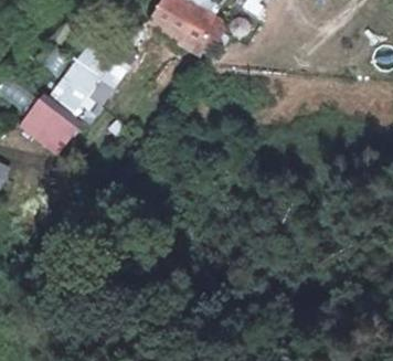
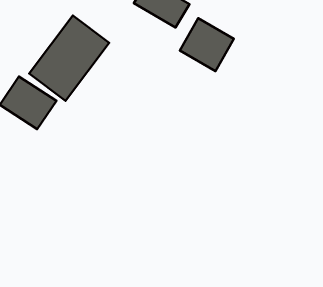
building: none -> [180,18,234,71]

